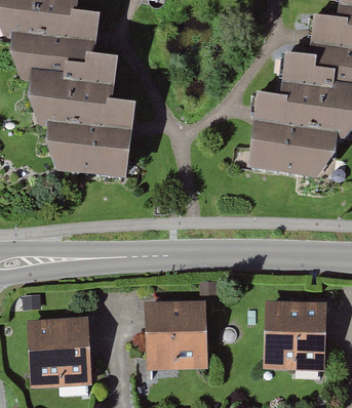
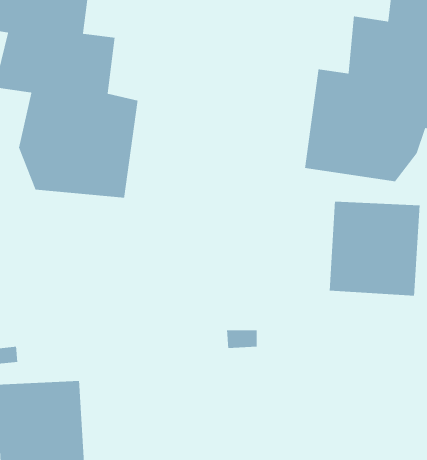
building: [142,301,206,371] -> none
building: [260,303,328,375] -> [329,201,420,297]

